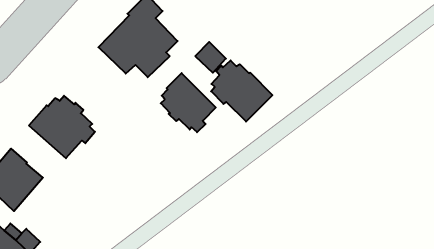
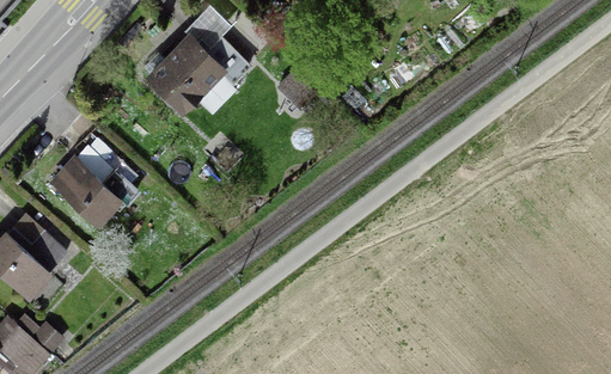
building: [211,60,272,122] -> none
building: [161,73,216,132] -> none

